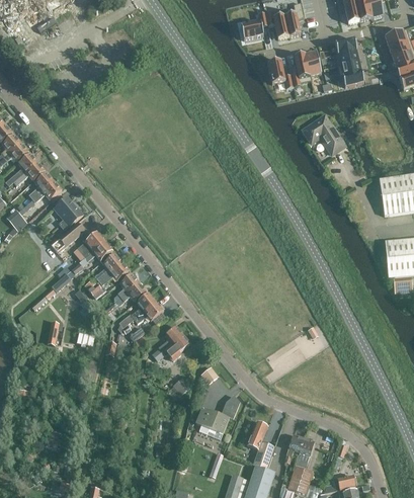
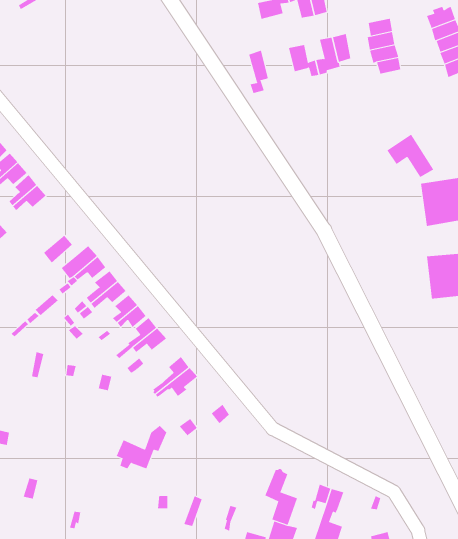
building: none -> [249,50,268,94]
building: [304,115,344,153] -> [387,134,434,178]
building: [54,195,83,229] -> none
building: [196,395,240,432] -> [116,425,167,469]

